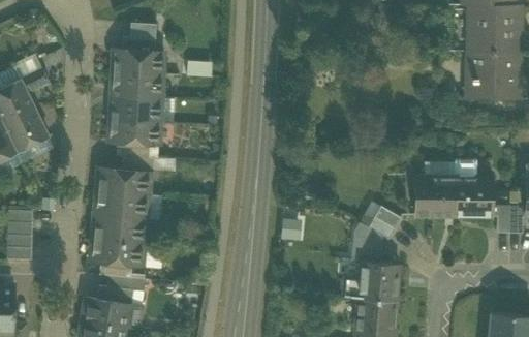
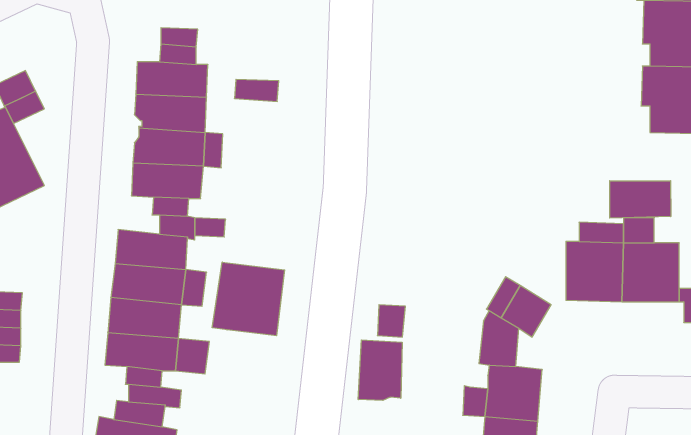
building: none -> [610,181,671,218]
building: none -> [212,262,285,336]
building: none -> [358,340,402,400]

